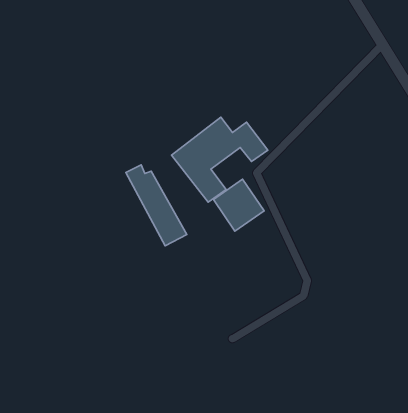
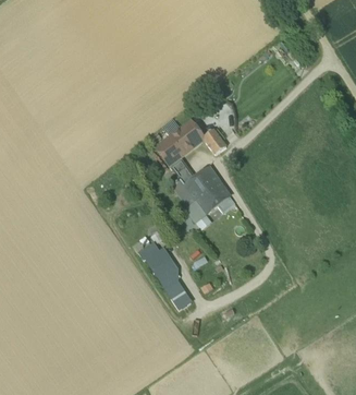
building: [126,165,187,246] -> [139,242,192,312]

